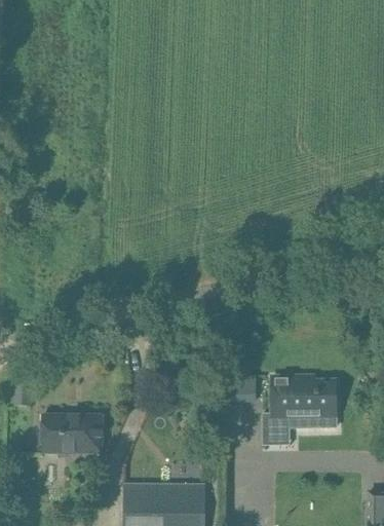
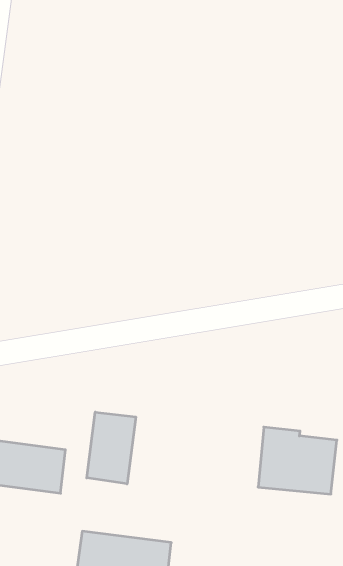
building: none -> [87,412,136,484]

